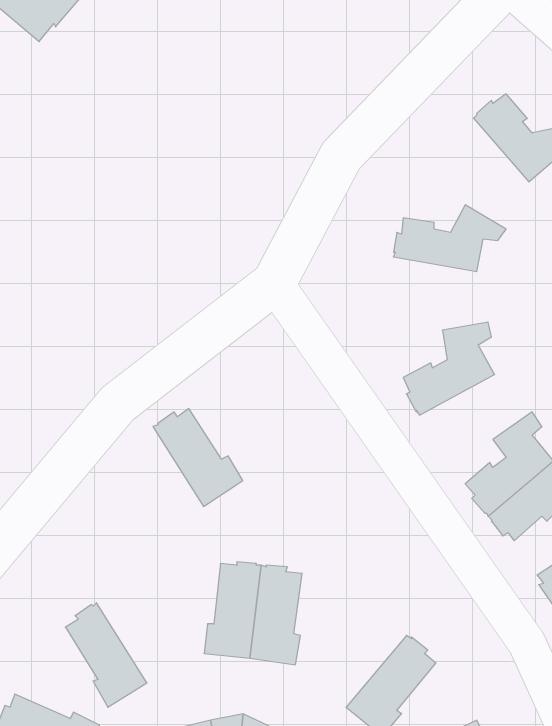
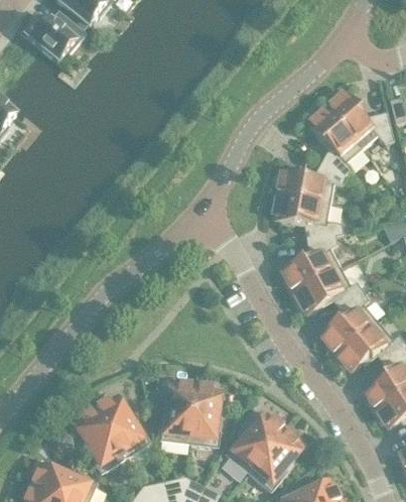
building: none -> [307,108,360,176]
building: none -> [273,194,343,239]
building: none -> [292,266,362,312]
building: [153,409,243,507] -> [93,396,148,457]
building: none -> [226,412,284,472]

